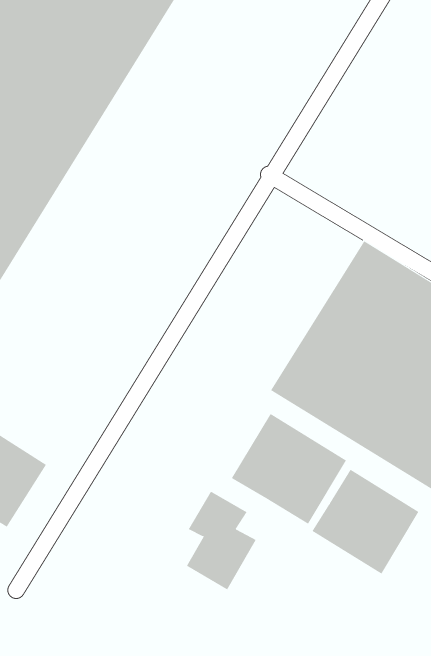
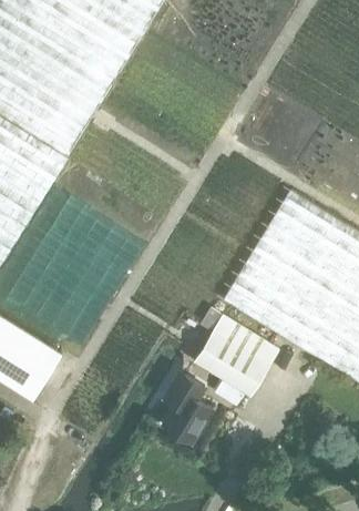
building: [311,469,419,574] -> none

